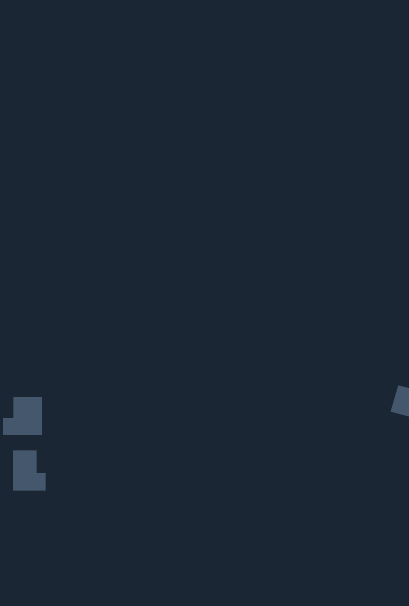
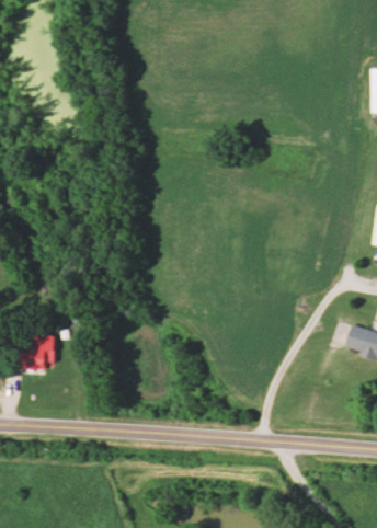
building: [12,450,46,492] -> none

